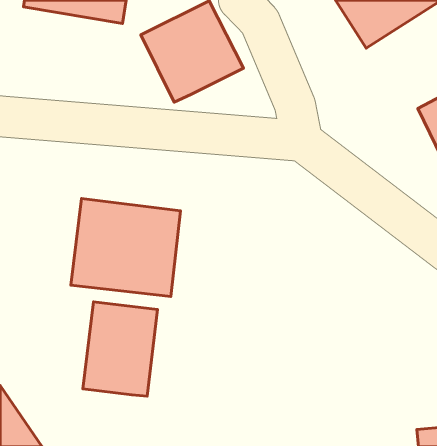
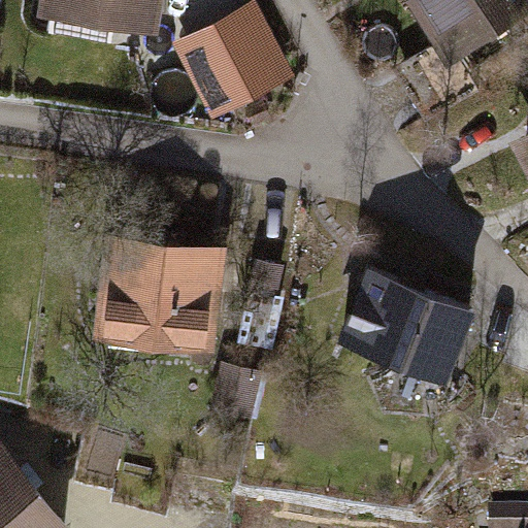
building: none -> [335,268,468,378]
building: [83,302,157,396] -> none

